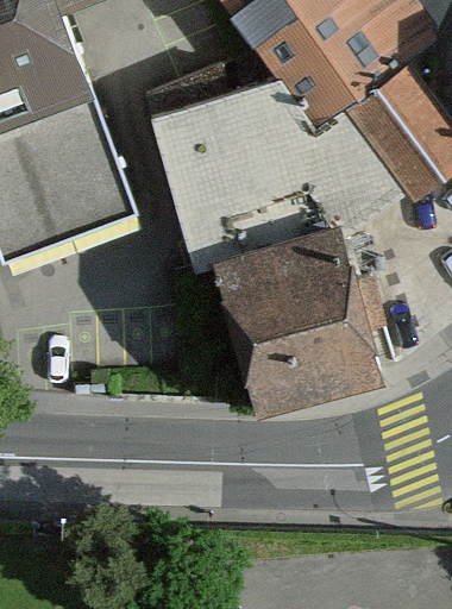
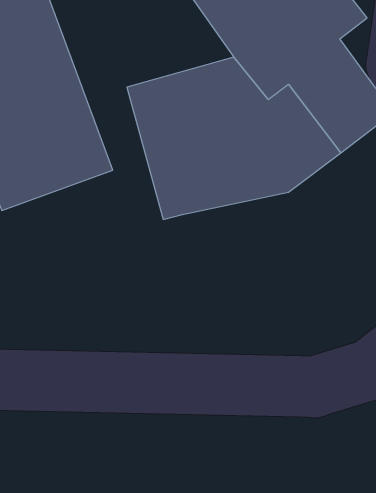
building: [216,236,395,404] -> none

